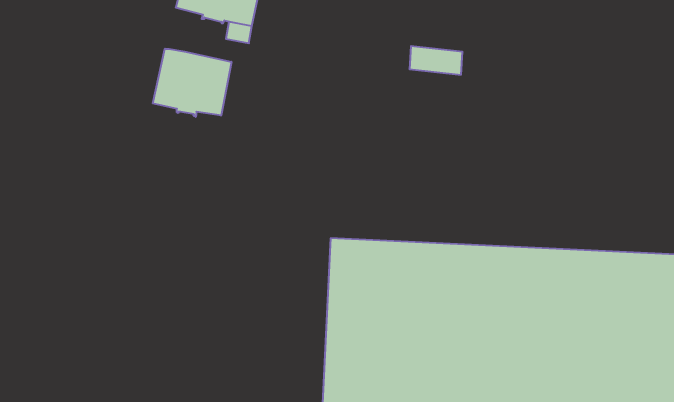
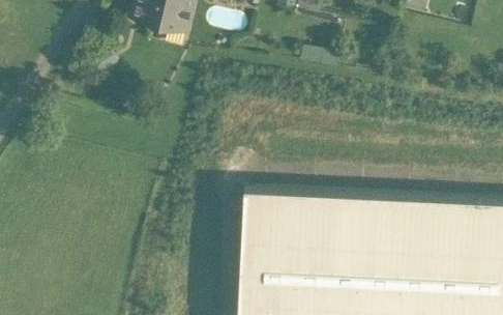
building: [153,49,231,117] -> none

